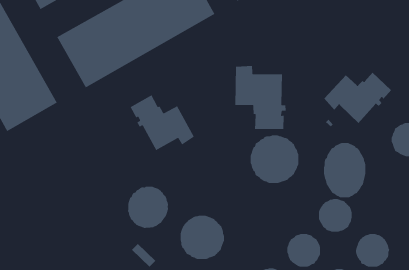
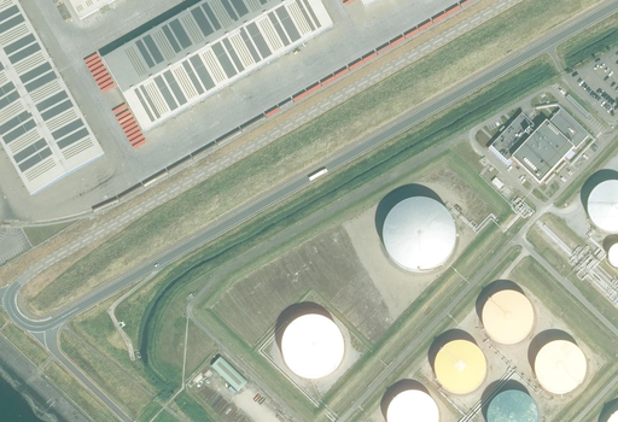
building: [235,65,286,130] -> none
building: [130,94,195,151] -> none
building: [323,142,366,198] -> none
building: [127,186,169,229] -> none

